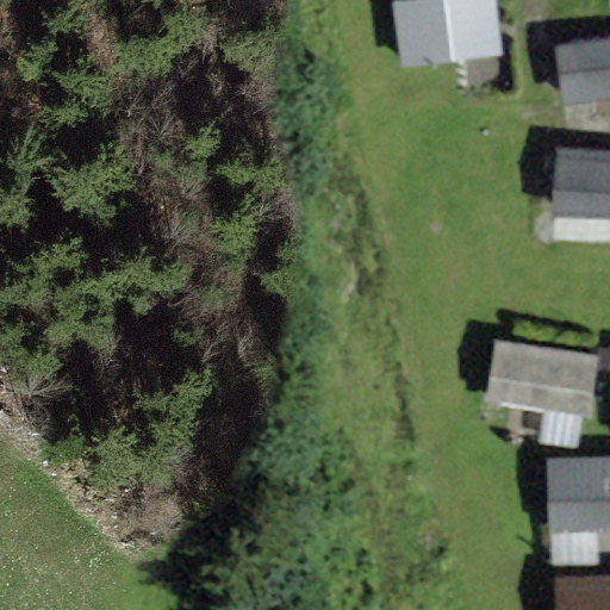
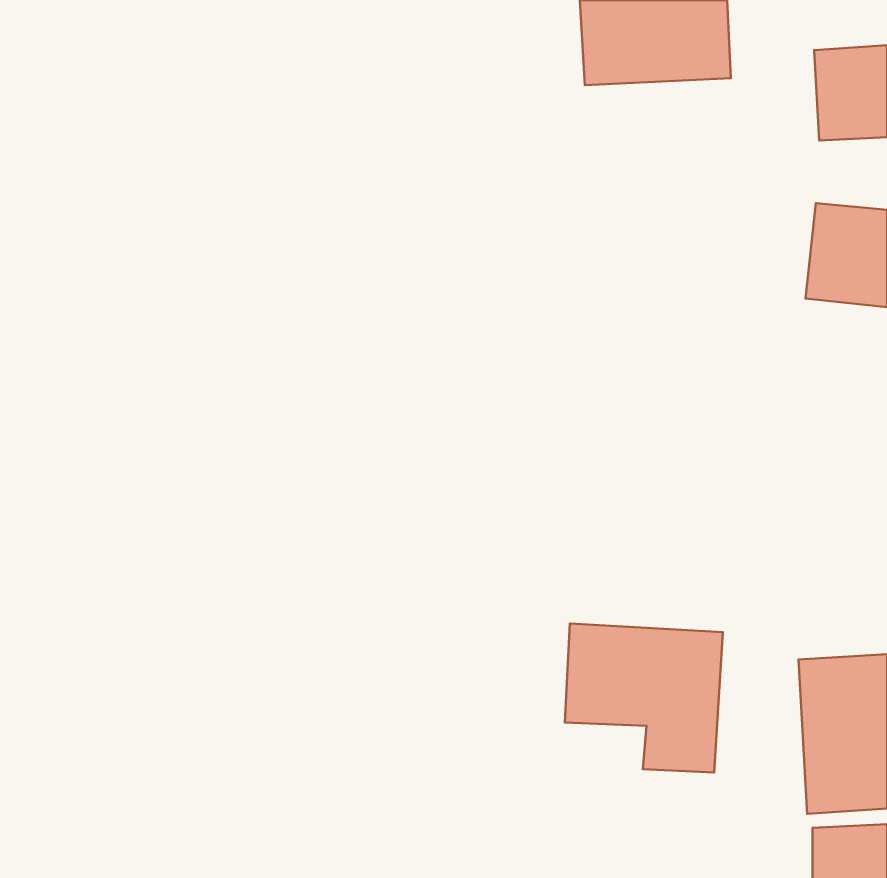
building: [491,342,599,444] -> [565,623,723,773]

